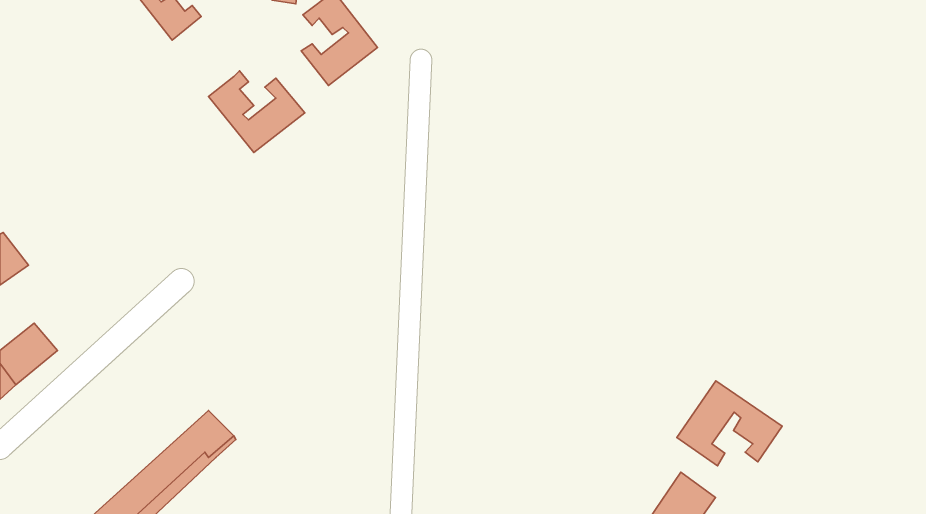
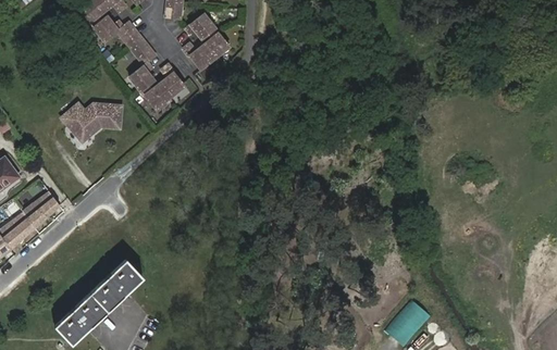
building: none -> [116,22,153,63]
building: none -> [62,102,119,140]
building: none -> [22,190,61,227]
building: [677,381,782,466] -> none

